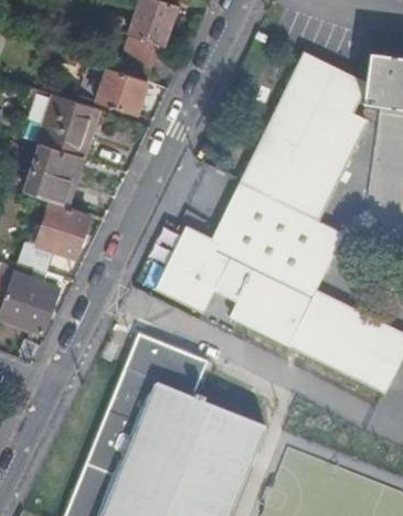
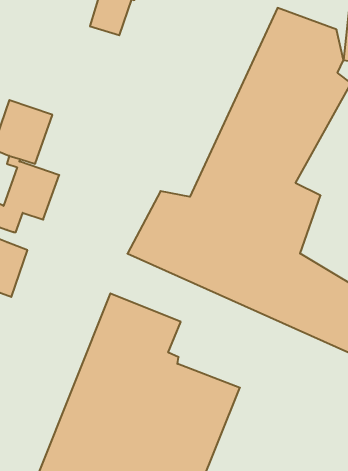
building: [97,68,148,116] -> none
building: [38,94,99,158] -> none

